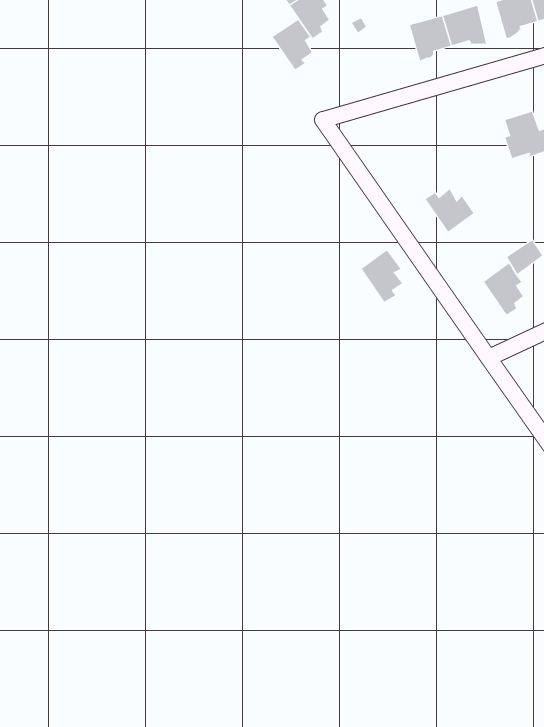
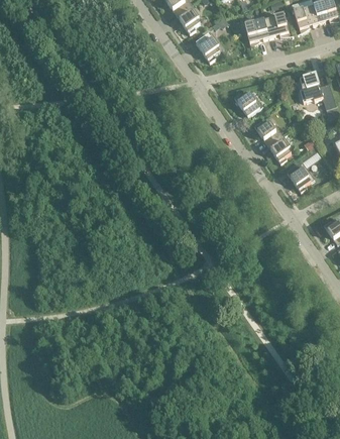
building: [272,19,312,70] -> [196,31,219,61]
building: none -> [233,90,262,115]
building: [361,250,403,302] -> [266,132,291,162]

